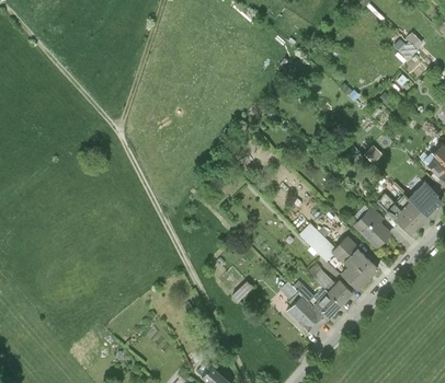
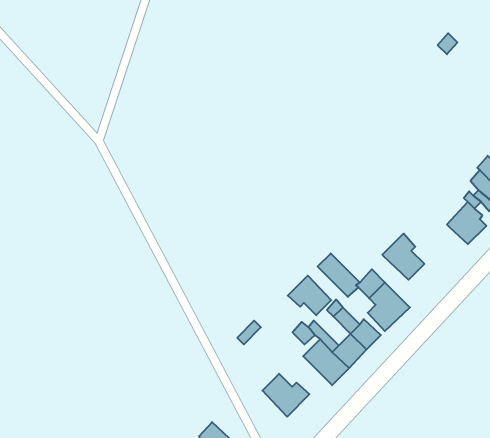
building: [388,204,425,233] -> none
building: none -> [288,276,331,315]
building: none -> [262,374,309,417]

